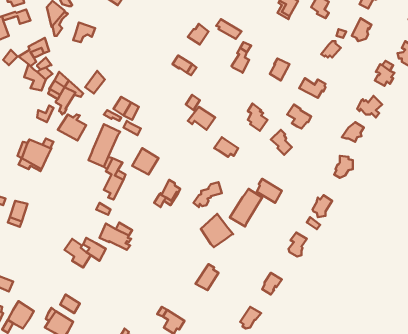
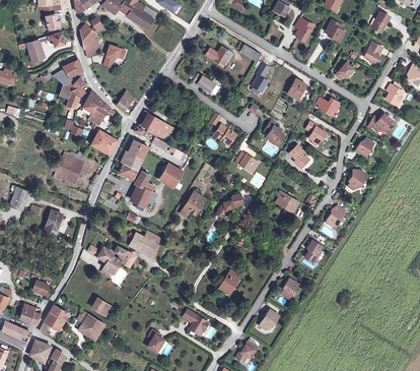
building: [230,189,262,227] -> none
building: [201,214,233,247] -> none

